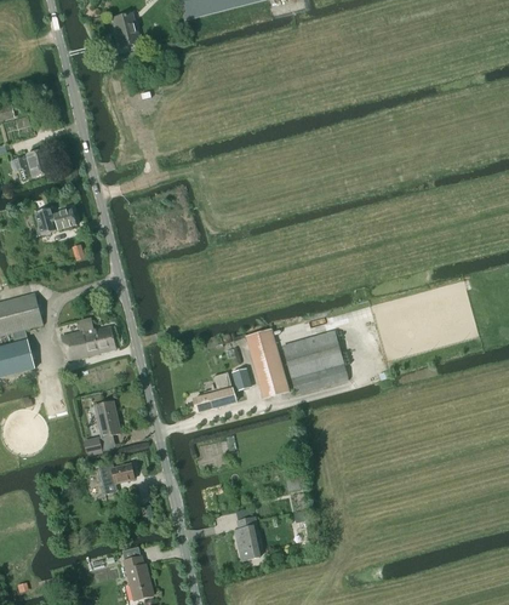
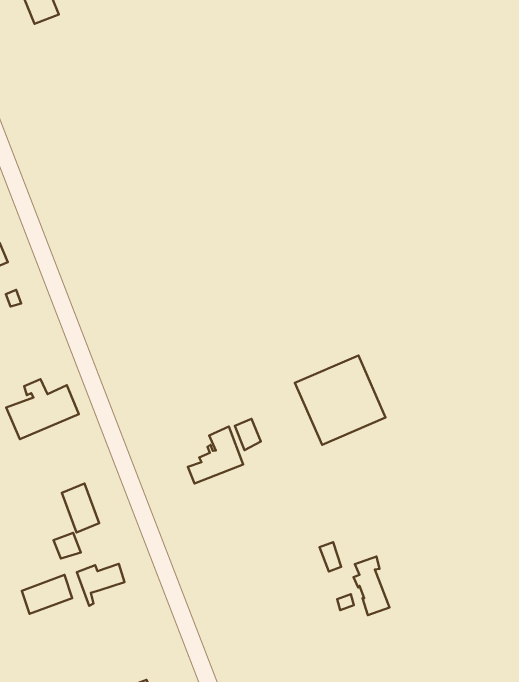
building: [246,327,290,398] -> none
building: none -> [22,575,72,614]
building: [235,516,259,560] -> [353,557,389,615]

